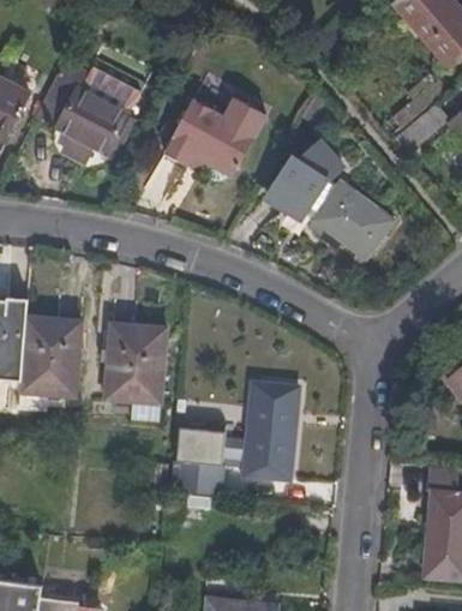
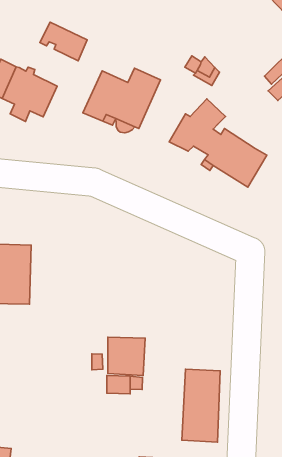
building: [79,65,140,116] -> [40,22,87,61]
building: [107,322,167,423] -> none
building: [244,383,298,479] -> [182,369,220,442]

